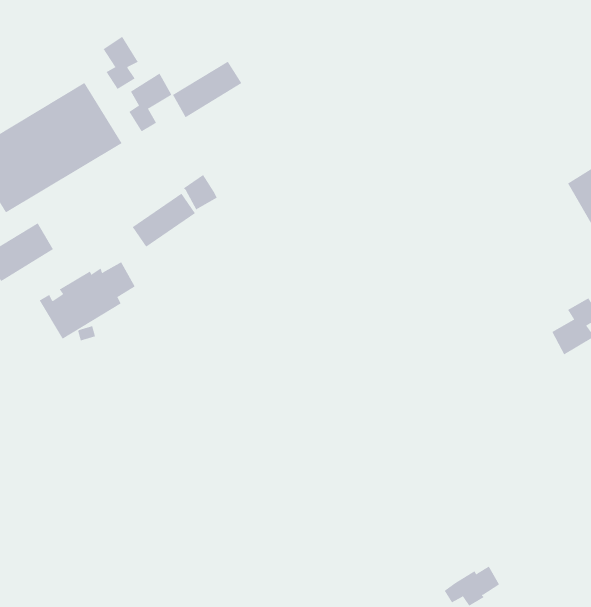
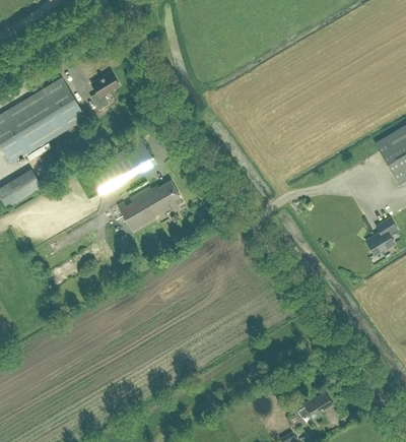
building: [103,36,138,90] -> none
building: [172,61,242,118] -> none
building: [39,261,135,339] -> [117,181,180,232]

